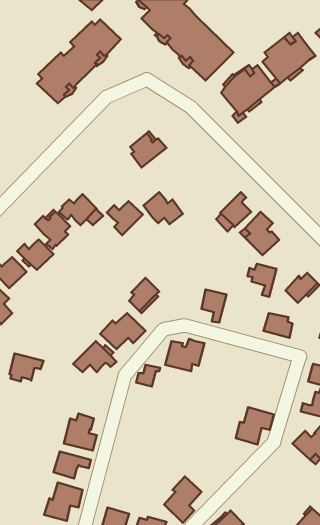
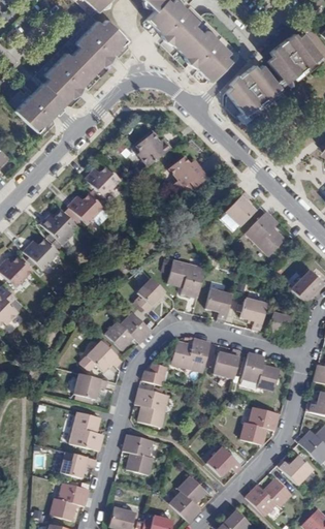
building: none -> [14,94,52,131]
building: [144,192,183,224] -> [168,156,207,188]
building: [107,201,143,235] -> [84,167,120,201]
building: none -> [167,260,202,298]
building: [247,264,276,297] -> [237,299,266,332]
building: none -> [212,349,239,378]
building: none -> [241,353,280,392]
building: [9,354,44,381] -> [73,374,107,402]
building: none -> [134,388,166,428]
building: none -> [122,434,152,475]
building: none -> [206,447,242,477]
building: none -> [275,456,314,487]
building: none -> [245,478,291,517]

